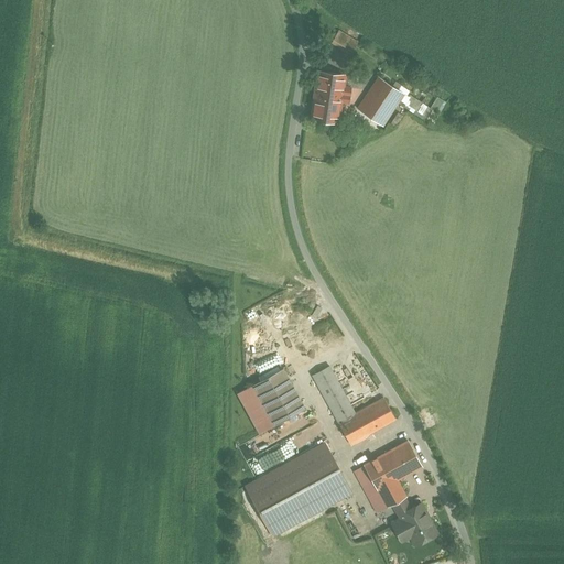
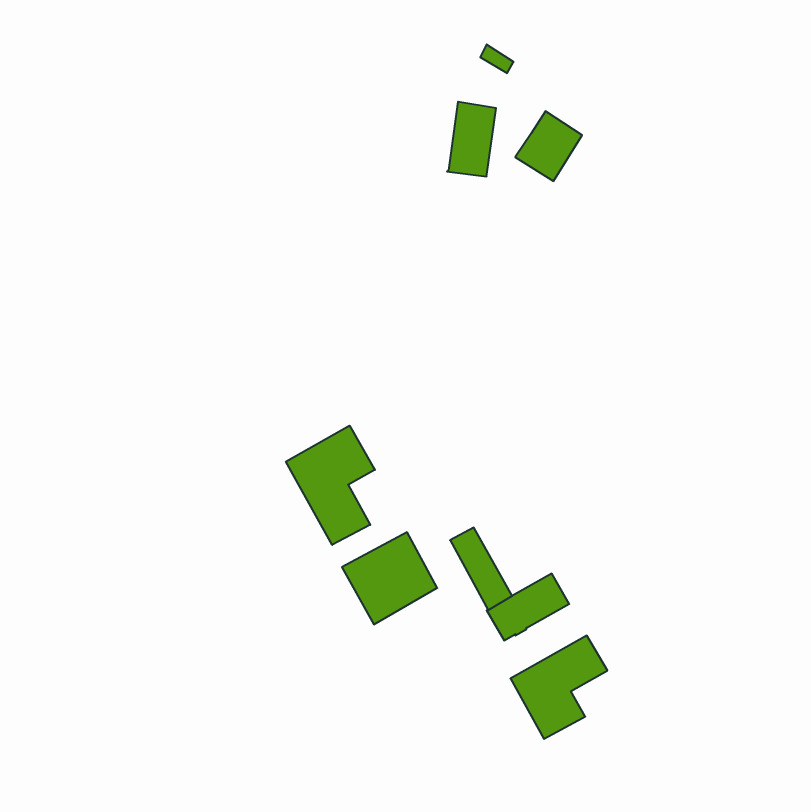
building: none -> [286,426,375,545]
building: [245,443,349,535] -> none
building: [391,498,436,544] -> none

